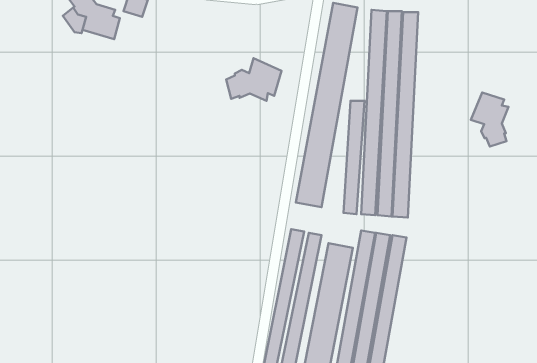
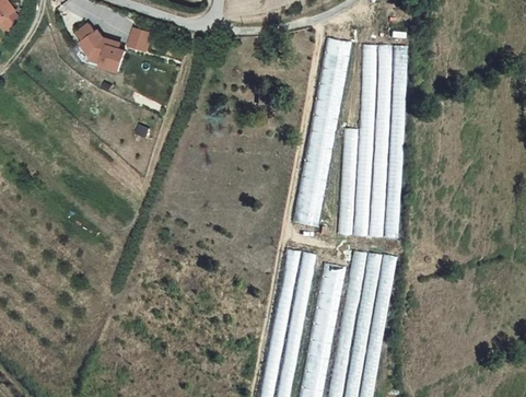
building: [226,58,282,101] -> none
building: [471,93,508,146] -> none

